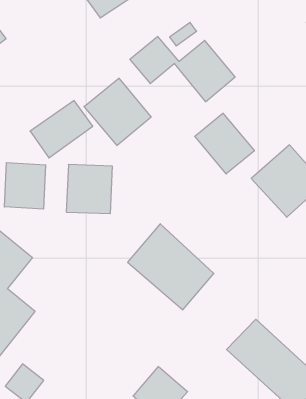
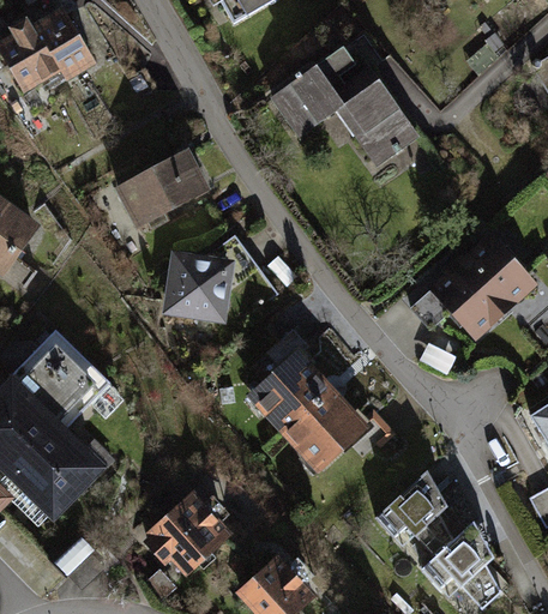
building: [84,78,151,146] -> none
building: [195,113,254,174] -> none
building: [4,163,45,209] -> none
building: none -> [147,487,231,572]

